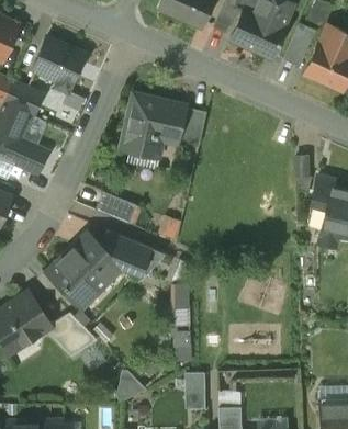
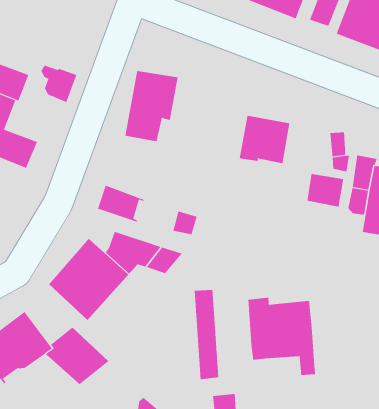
building: [33,37,85,91] -> none
building: [161,103,206,146] -> [239,115,290,164]
building: none -> [307,173,344,208]
building: none -> [248,297,315,376]

